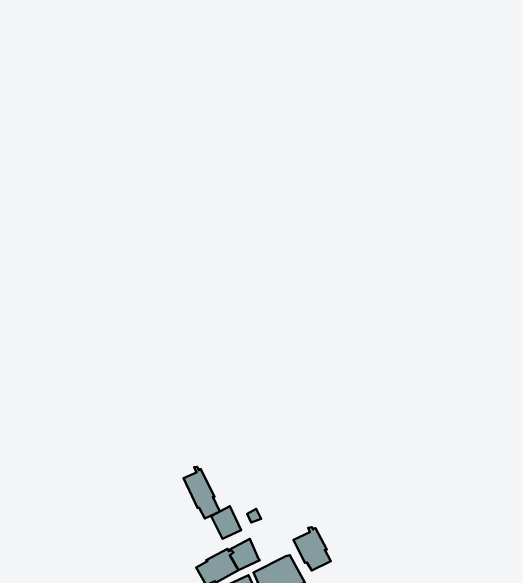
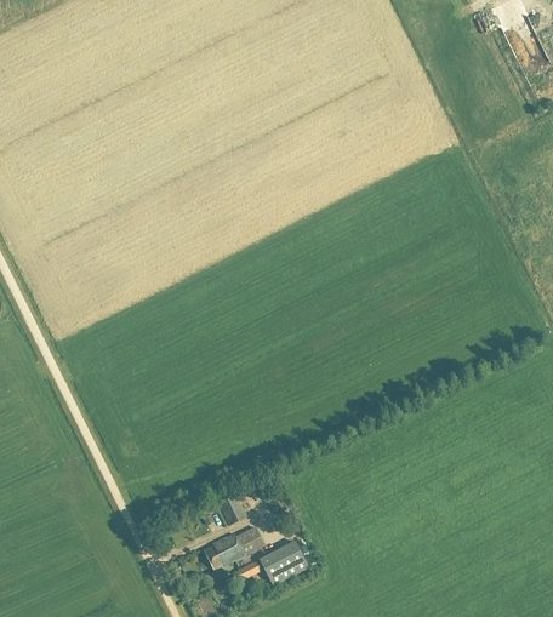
building: [183,467,220,518] -> none
building: [294,527,331,570] -> none

